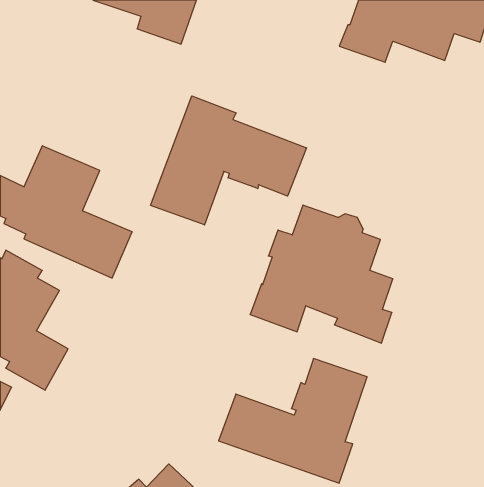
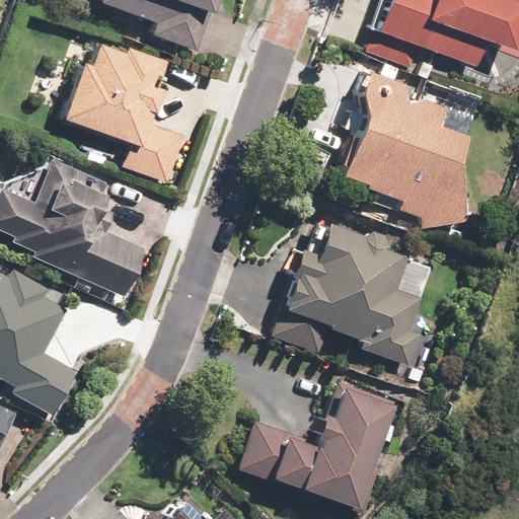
building: none -> [59,41,186,183]
building: none -> [340,68,468,229]
building: [151,96,306,225] -> none

